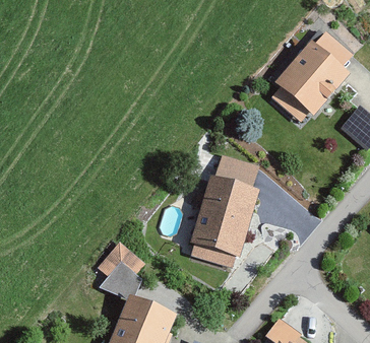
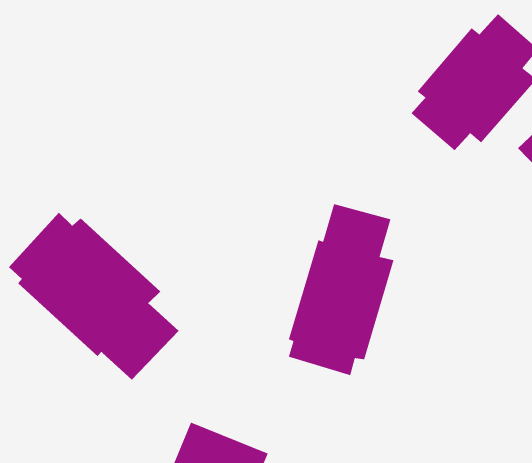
building: none -> [8,212,179,381]
building: [95,241,143,279] -> none

